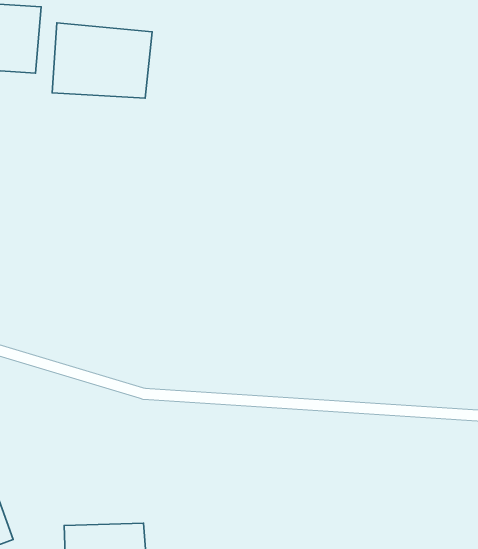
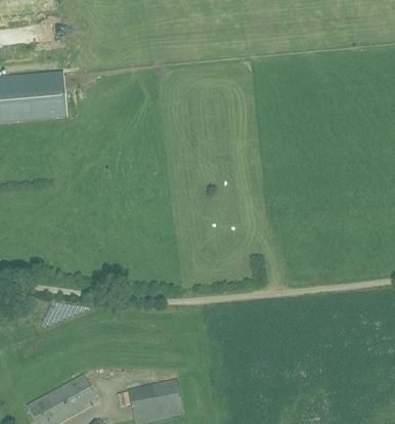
building: [52,23,152,98] -> none

